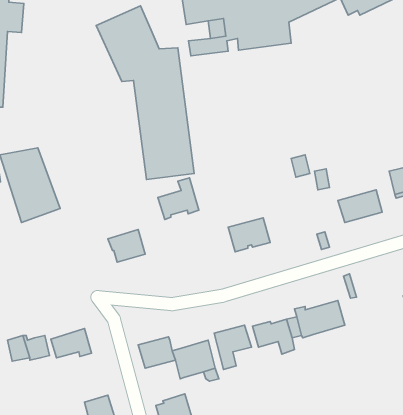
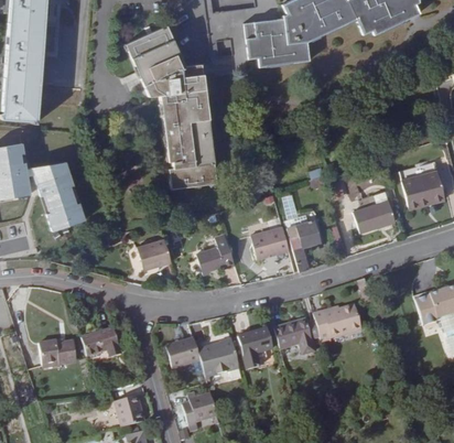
building: [158,178,199,220] -> [196,234,235,273]
building: none -> [288,219,322,271]

